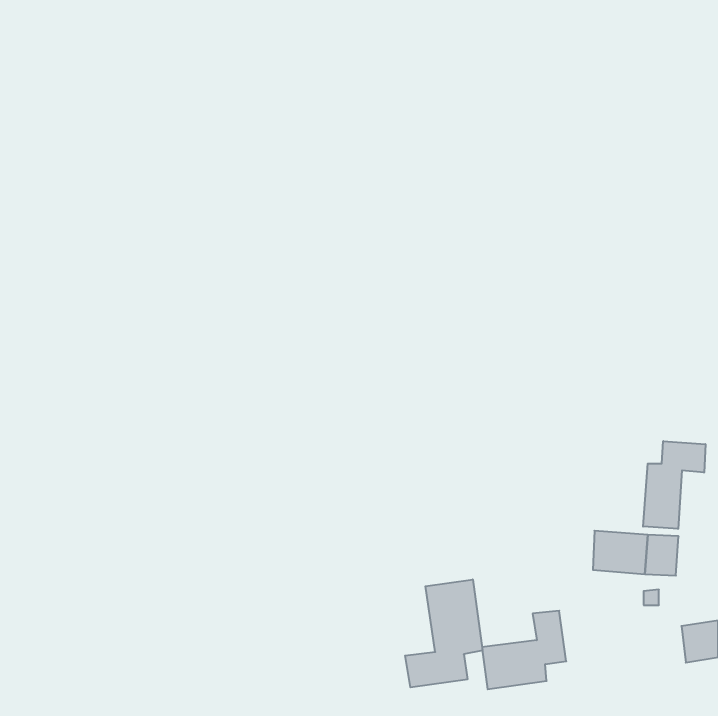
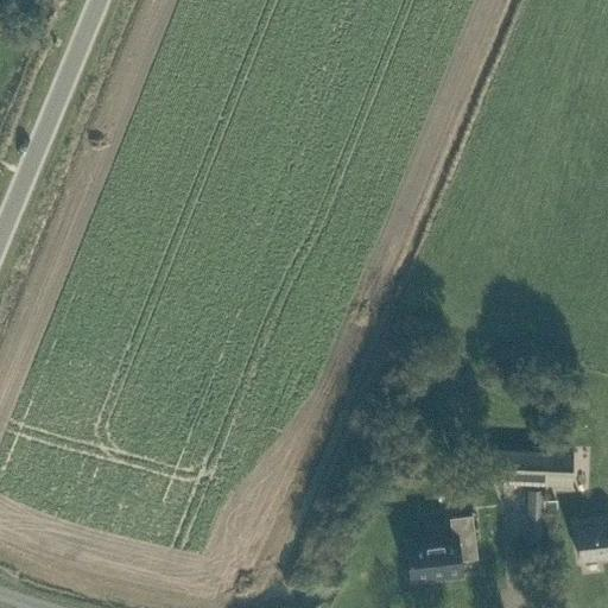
building: [643,441,705,529] -> none
building: [405,579,482,687] -> none

